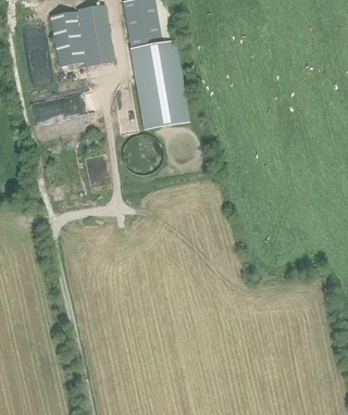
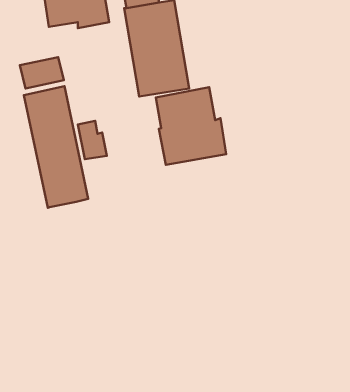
building: none -> [24,86,88,208]
building: none -> [156,87,226,165]

